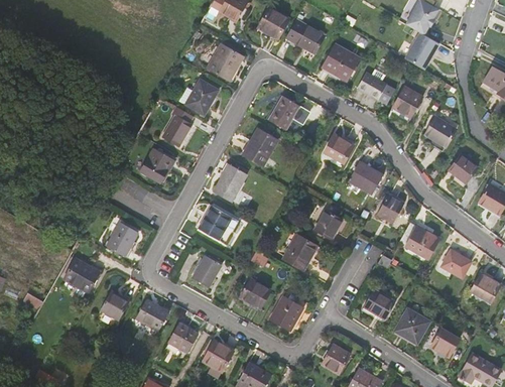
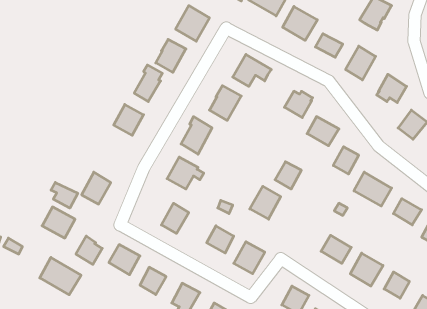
building: none -> [51,182,78,208]
building: none -> [40,257,81,295]

